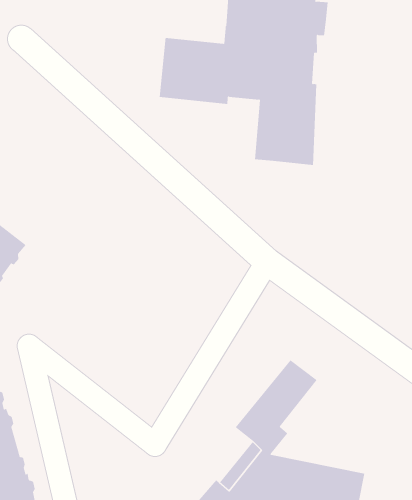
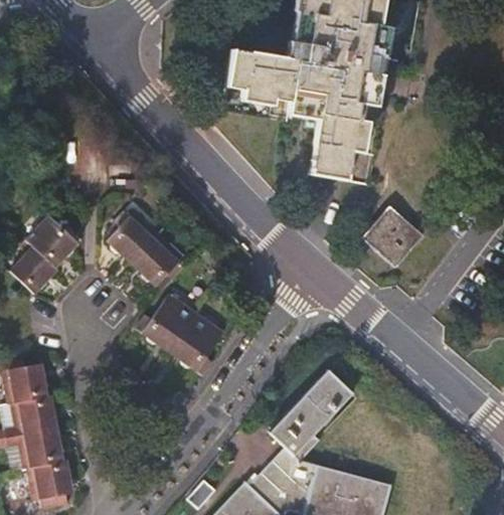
building: none -> [360,204,424,268]
building: none -> [107,211,183,286]
building: none -> [136,294,224,375]

